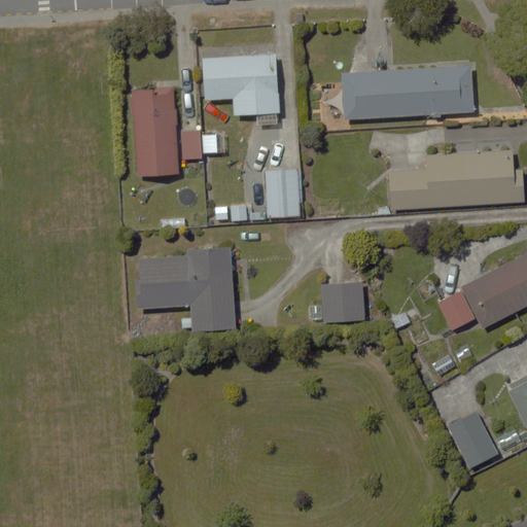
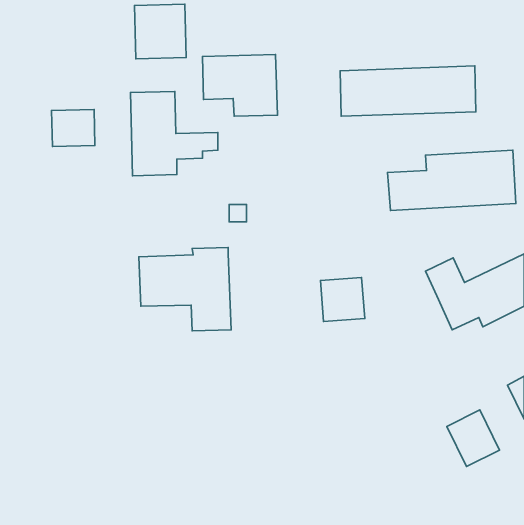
building: none -> [135,4,186,59]
building: none -> [52,110,95,147]
building: [265,169,302,217] -> none

